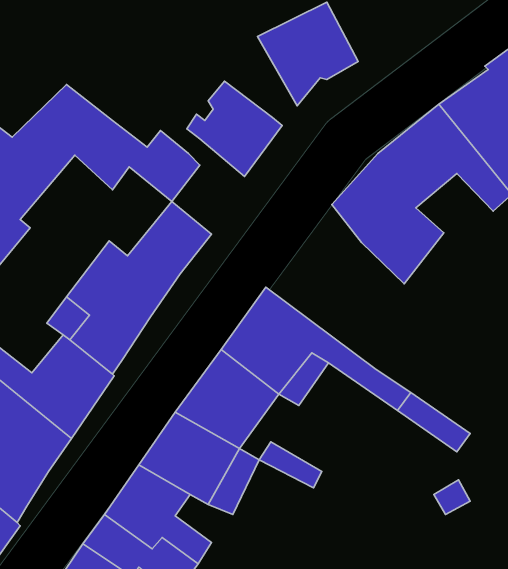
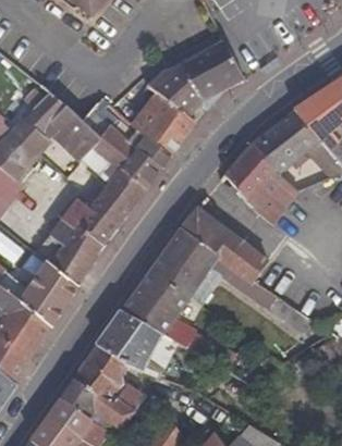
building: none -> [143,62,196,115]
building: none -> [118,129,169,193]
building: none -> [180,206,268,282]

